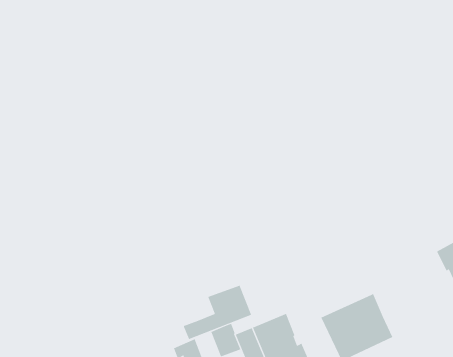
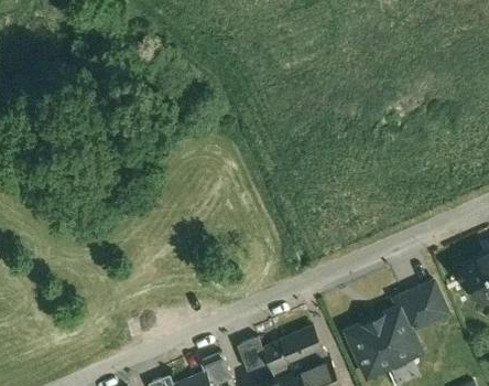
building: none -> [392,282,446,332]
building: [183,285,252,340] -> none

